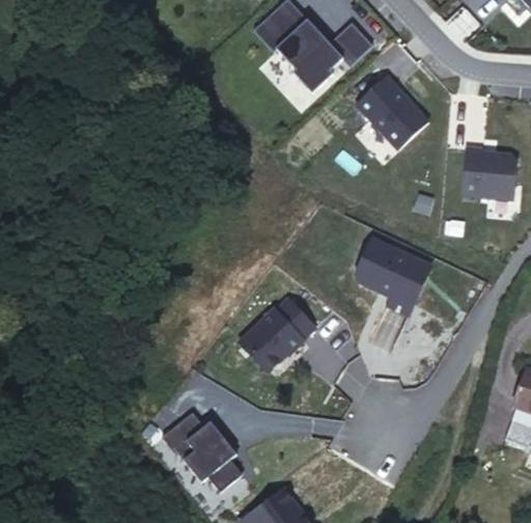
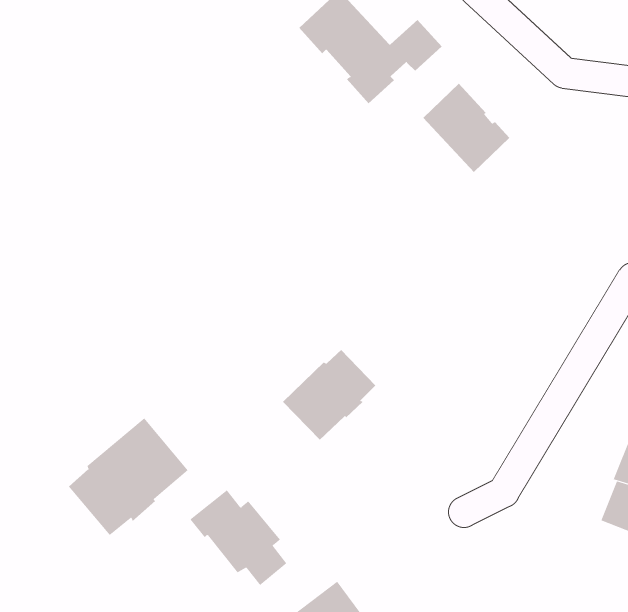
building: [462,146,516,198] -> none
building: [357,239,431,314] -> none
building: none -> [68,418,188,536]

